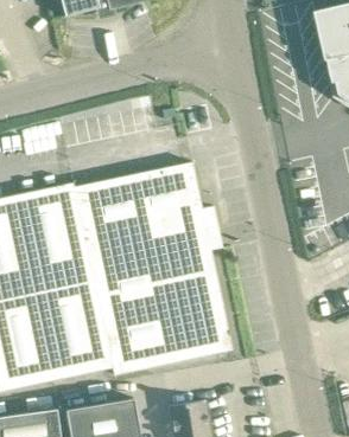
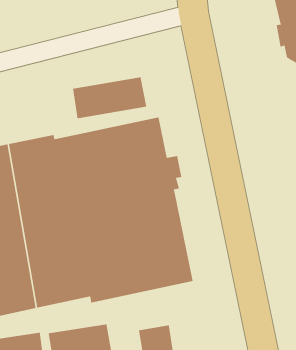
building: none -> [72,76,147,119]

